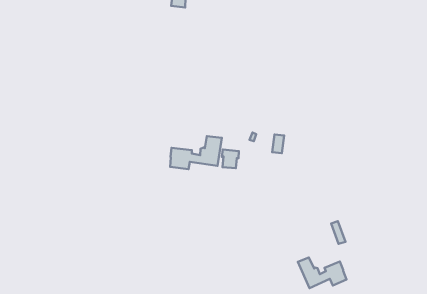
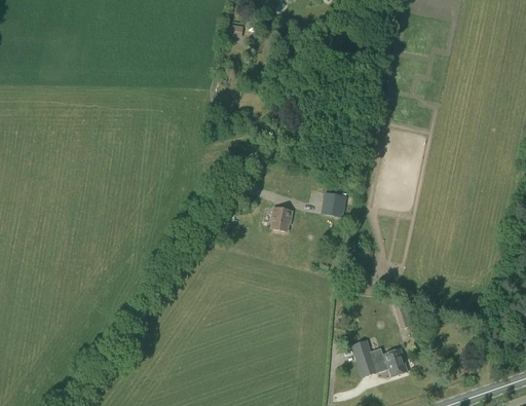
building: [170,136,222,169] -> none

